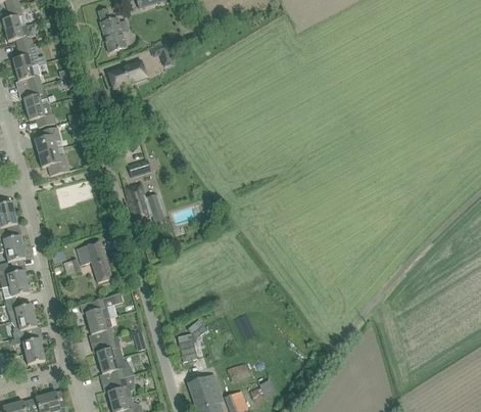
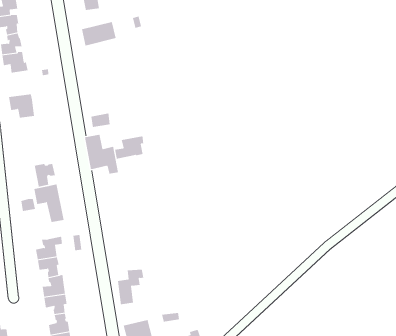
building: [34,126,62,152] -> none
building: none -> [115,136,144,159]
building: none -> [34,163,55,187]

